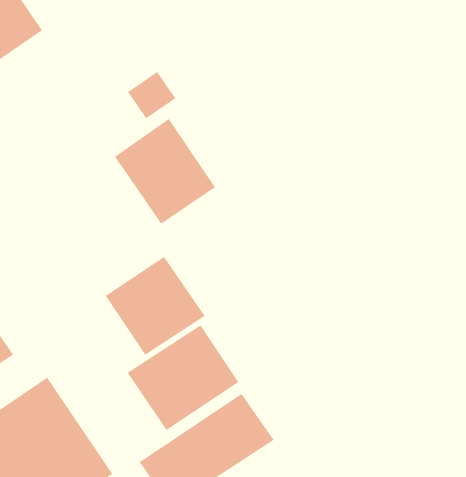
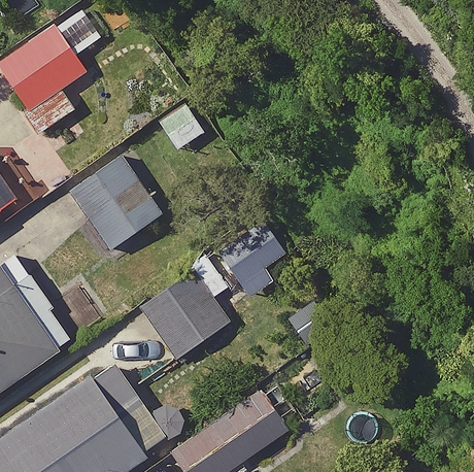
building: [114,118,216,225] -> [72,155,162,248]
building: [127,324,239,431] -> none

